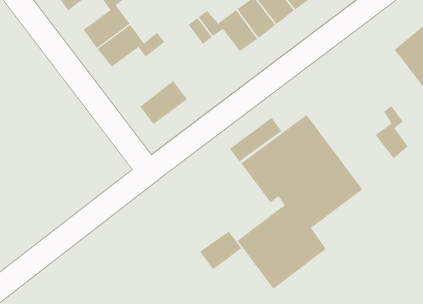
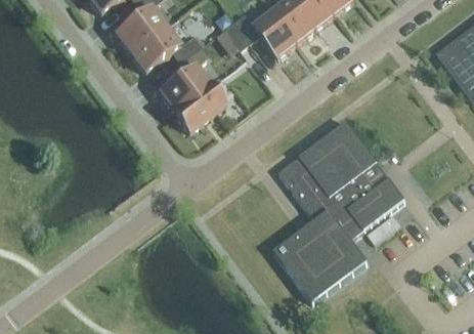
building: none -> [159,45,208,112]
building: [375,105,409,159] -> none
building: [229,117,283,164] -> none
building: [199,229,242,270] -> none

